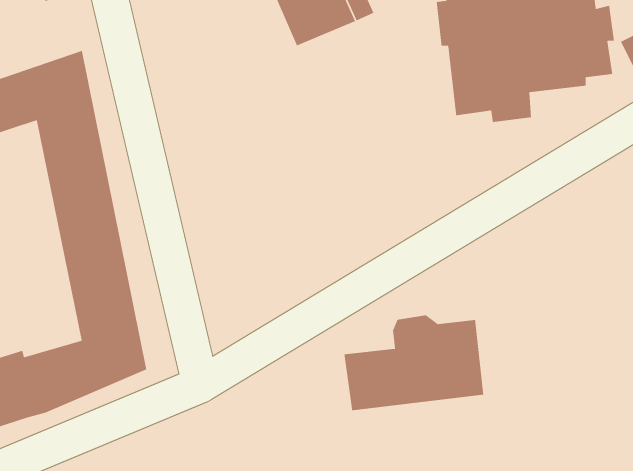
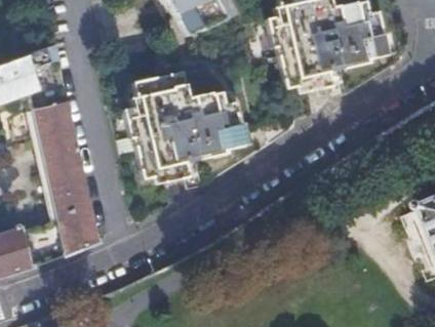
building: none -> [124,82,236,186]
building: [343,314,484,411] -> none

